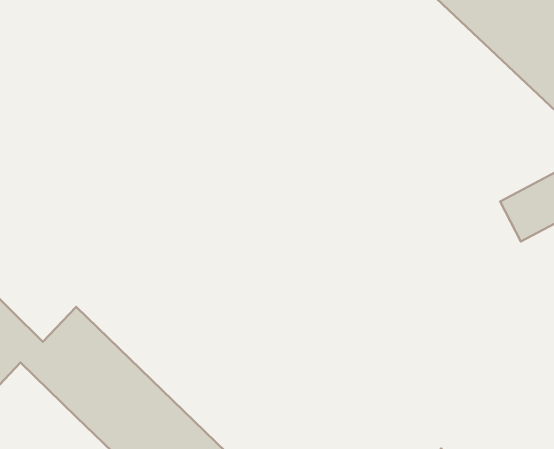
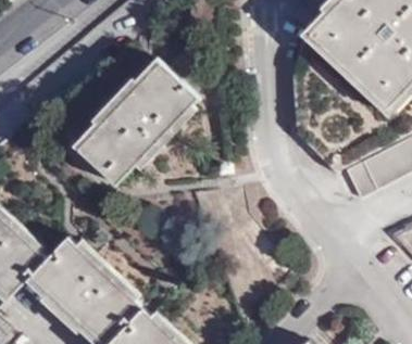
building: none -> [78,64,199,184]

